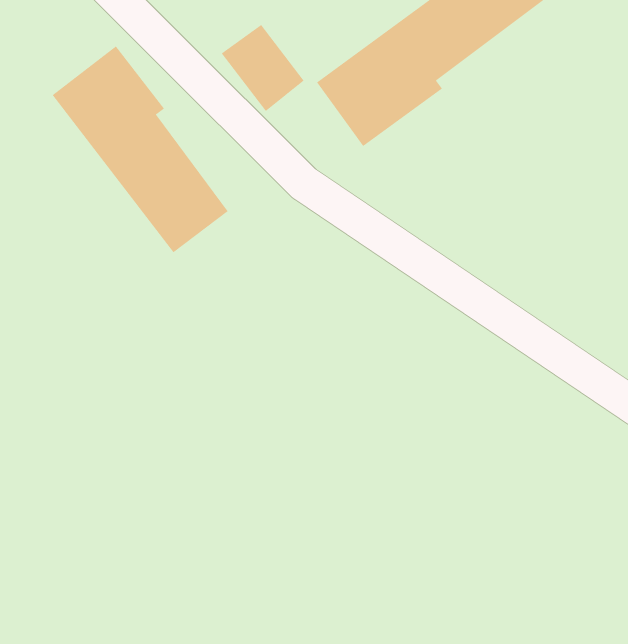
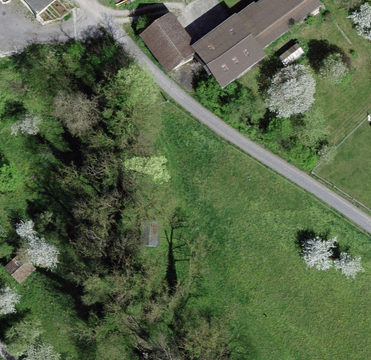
building: [52,45,229,253] -> none

